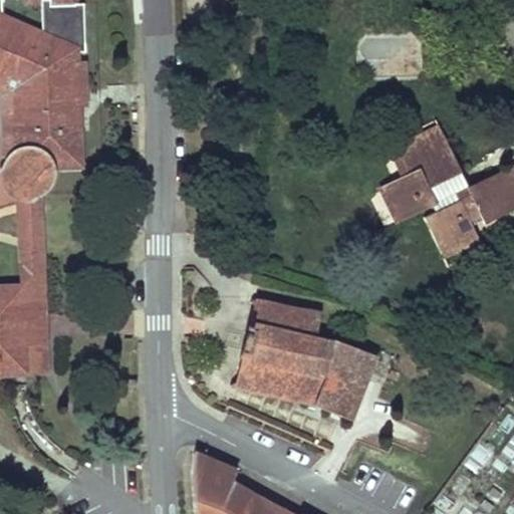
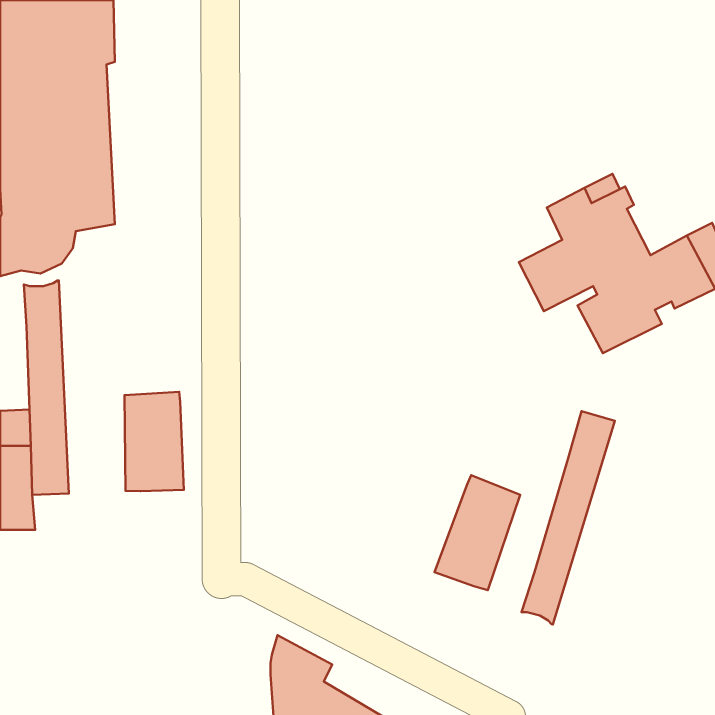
building: none -> [125,392,184,491]
building: none -> [521,411,615,624]
building: [235,306,335,411] -> none

